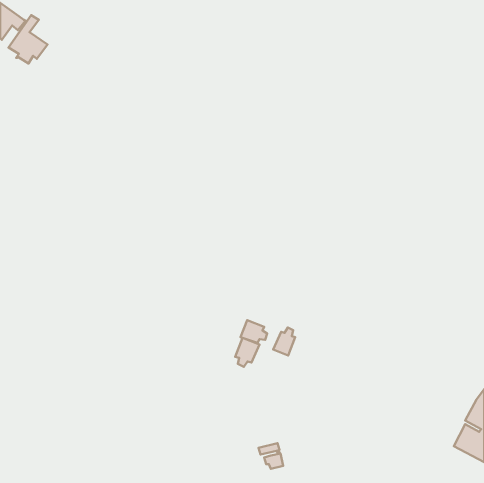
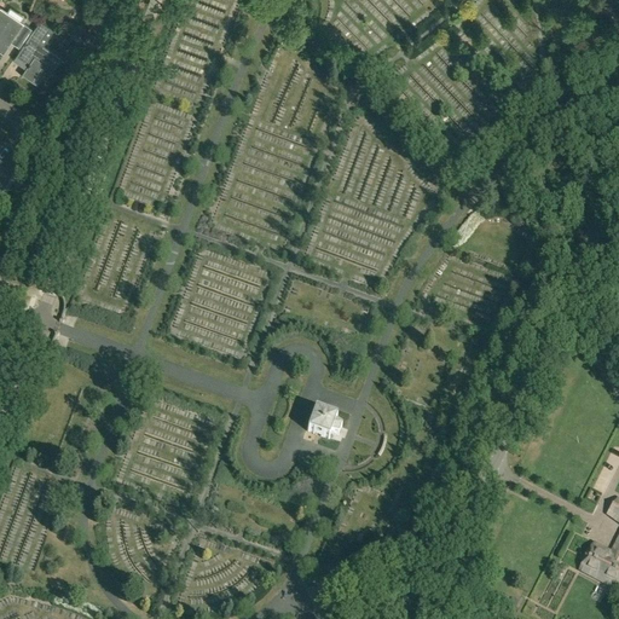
building: [273,328,295,355] -> none
building: [235,338,259,367] -> none

